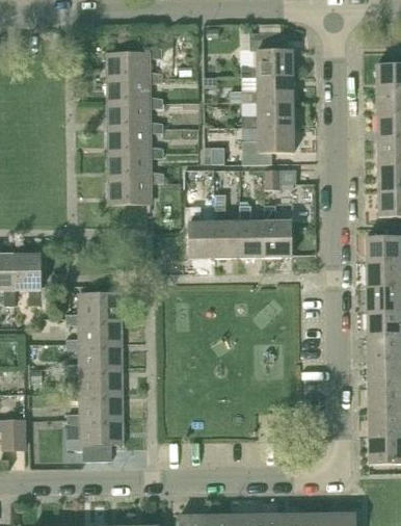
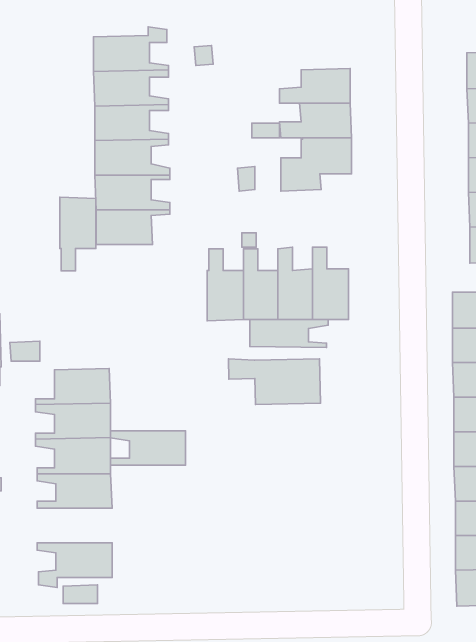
building: [241,32,292,77] -> none
building: none -> [60,197,96,271]
building: [263,169,294,189] -> none
building: none -> [250,319,328,348]
building: none -> [229,359,321,404]
building: [66,393,121,418] -> [111,431,186,465]

